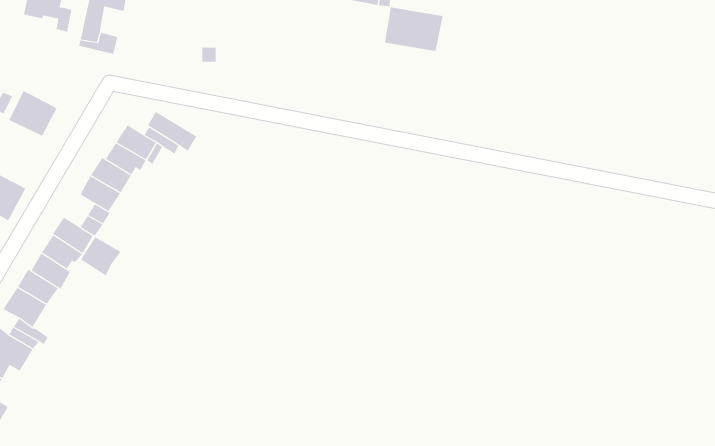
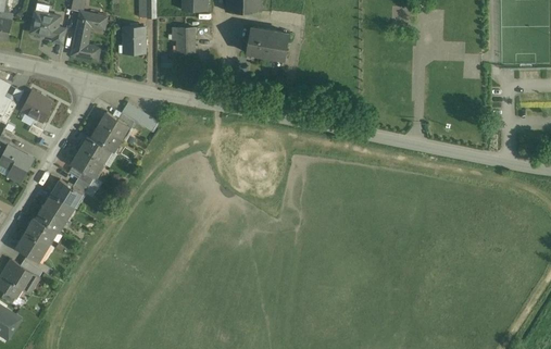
building: none -> [123,27,145,54]
building: [384,7,444,52] -> [246,27,289,60]
building: none -> [172,28,195,53]
building: [80,237,121,277] -> none

